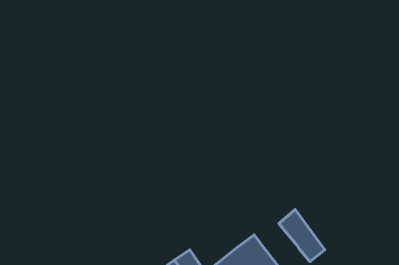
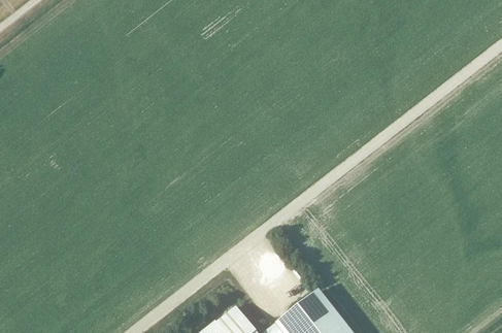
building: [279,209,325,261] -> none

